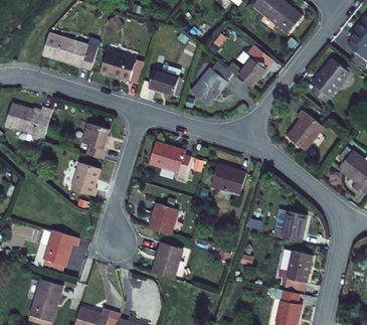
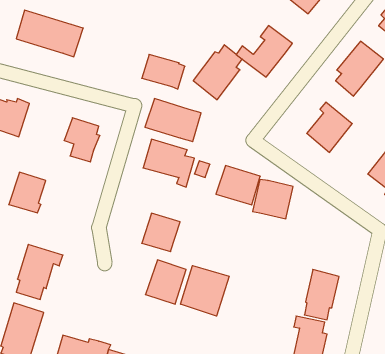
building: [99,49,146,86] -> [145,99,201,142]
building: [70,161,102,195] -> [9,172,46,213]
building: [272,208,307,241] -> [253,179,293,219]
building: none -> [181,266,229,316]

